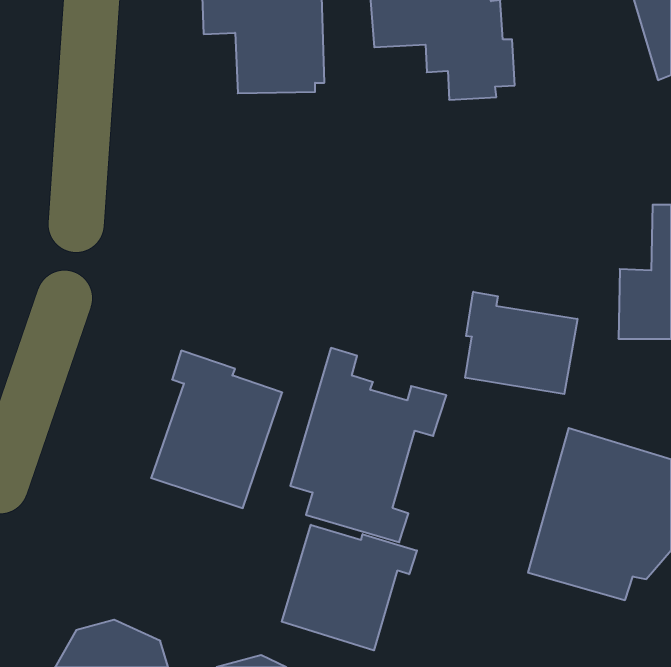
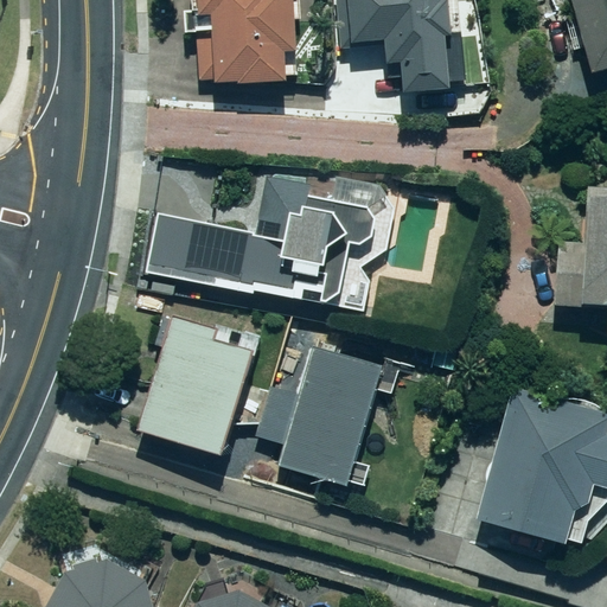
building: none -> [148,164,394,309]
building: [465,292,577,394] -> none
building: [282,525,417,650] -> none

